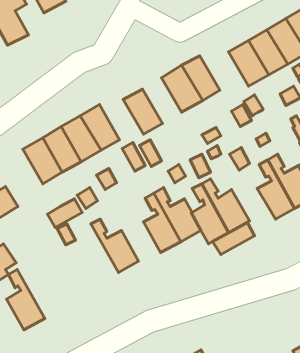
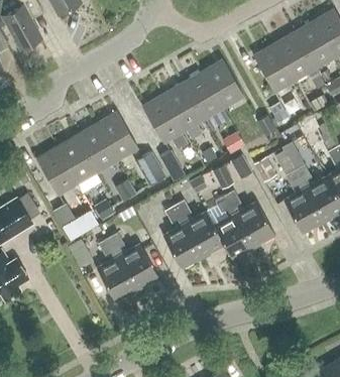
building: none -> [162,84,204,132]
building: [212,222,255,255] -> none
building: [6,270,45,330] -> [97,238,137,301]

